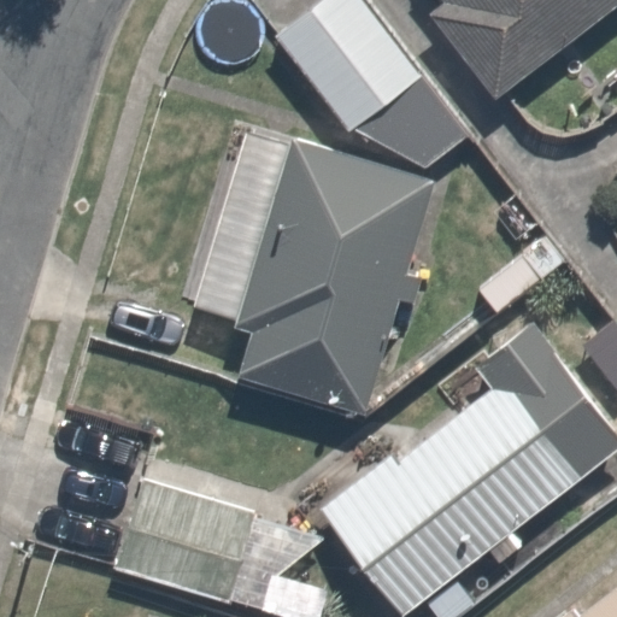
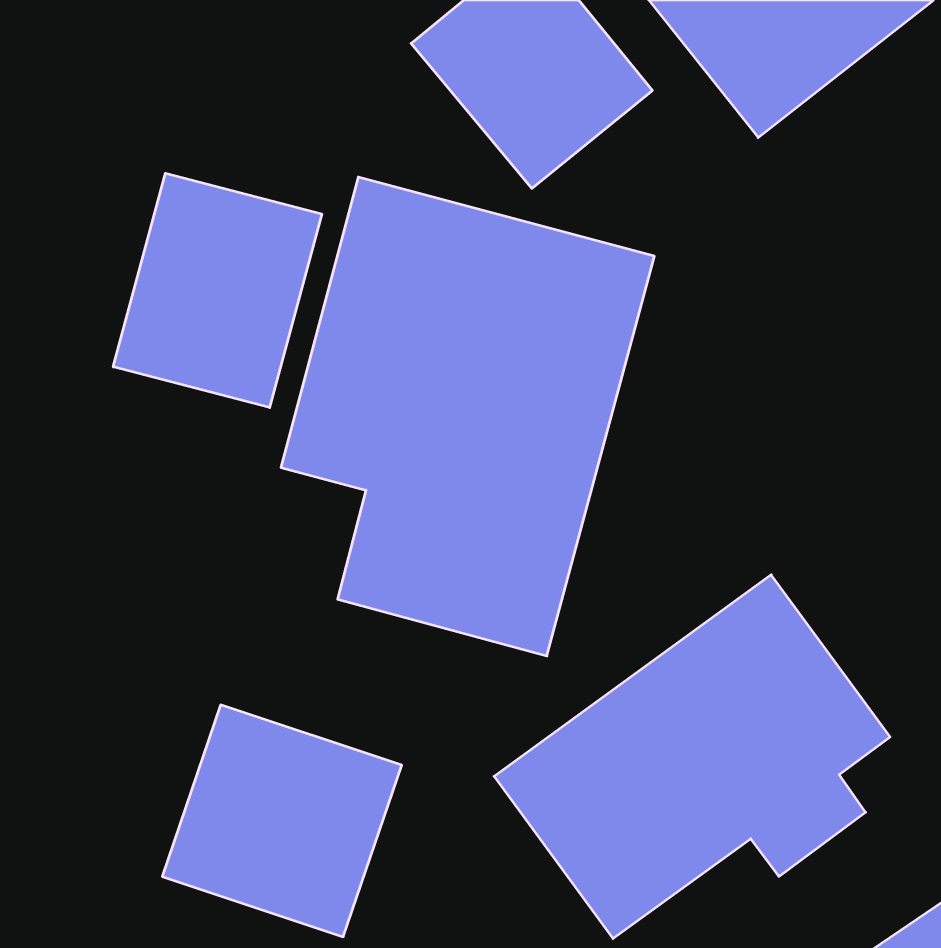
building: none -> [113,173,322,408]

